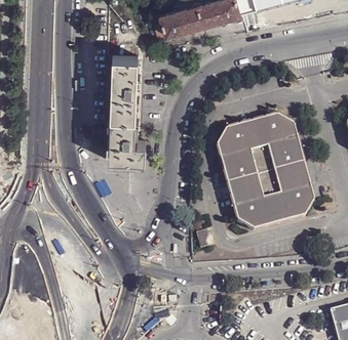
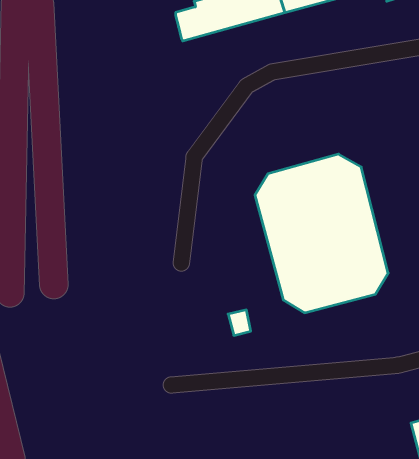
building: [111,56,146,160] -> none

